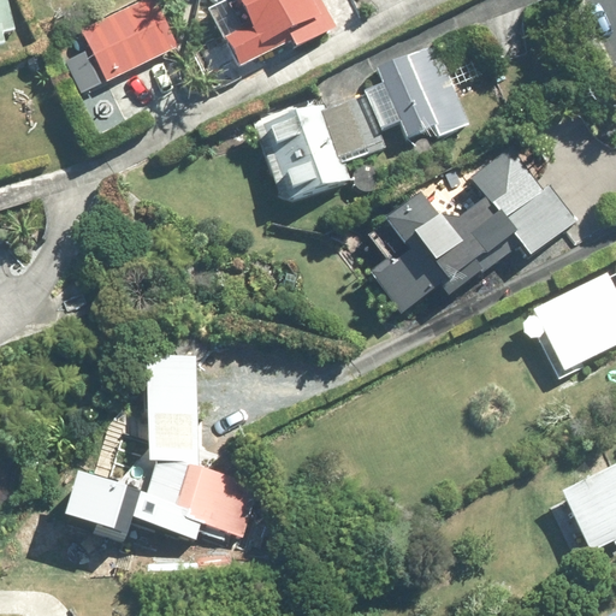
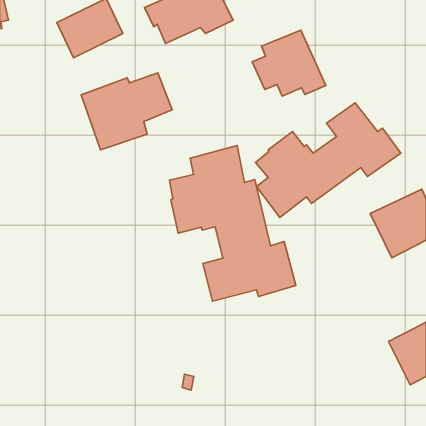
building: [254,93,385,203] -> [81,73,172,150]
building: none -> [170,145,296,301]
building: [59,354,253,547] -> none

